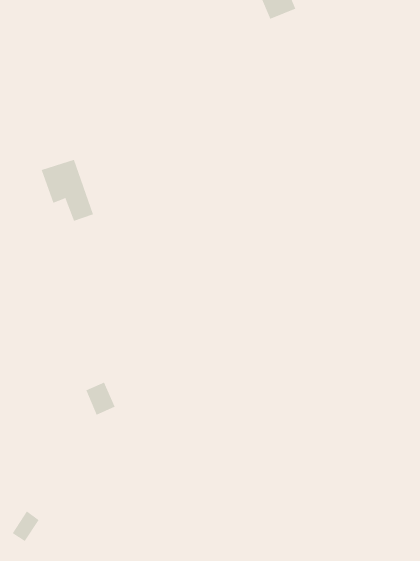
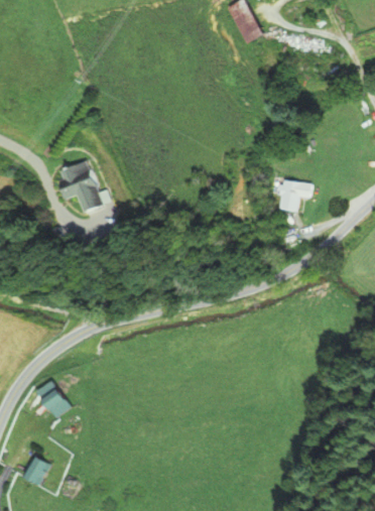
building: none -> [279,178,306,213]
building: [85,382,115,415] -> [45,388,71,416]

